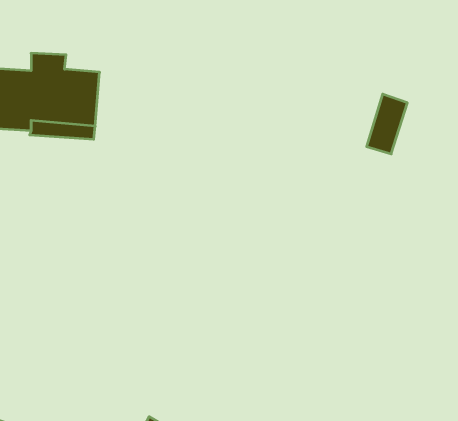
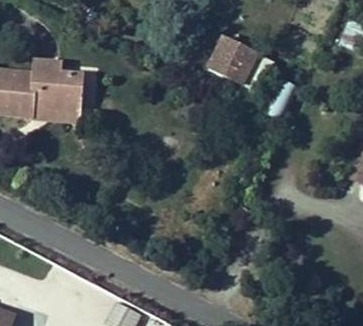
building: none -> [206,36,253,82]

